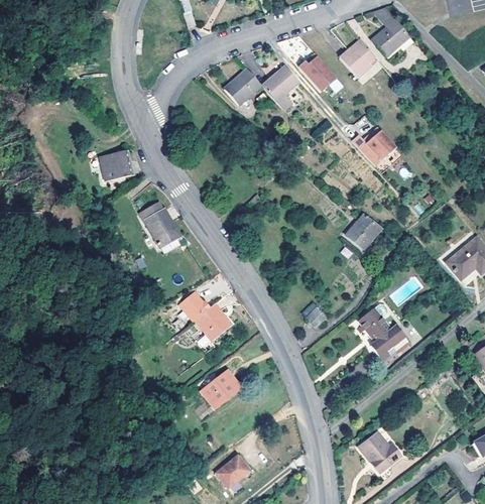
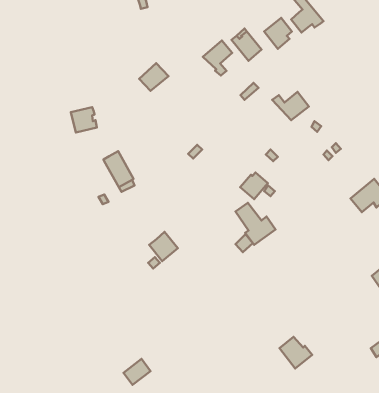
building: [226,69,262,103] -> [139,63,169,91]
building: [346,216,380,249] -> [240,172,268,199]
building: [176,296,207,324] -> none
building: [358,308,407,361] -> [236,203,275,245]
building: [202,370,241,406] -> none
building: [216,457,249,489] -> [123,359,150,385]

